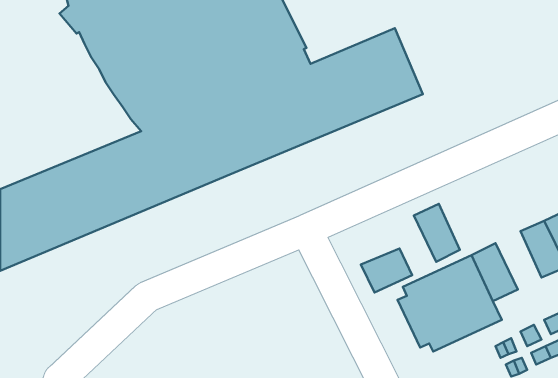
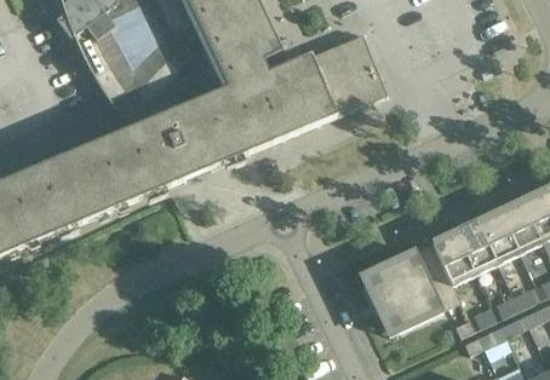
building: [414,204,460,262] -> [454,219,497,272]
building: [361,248,412,293] -> none

